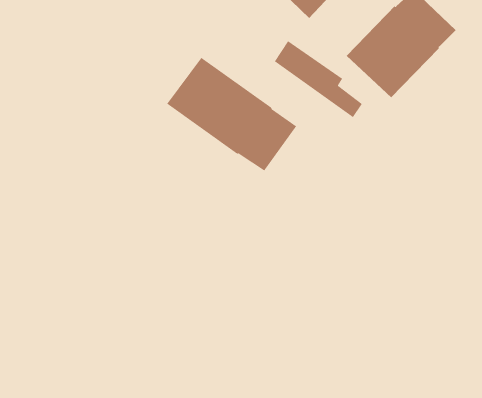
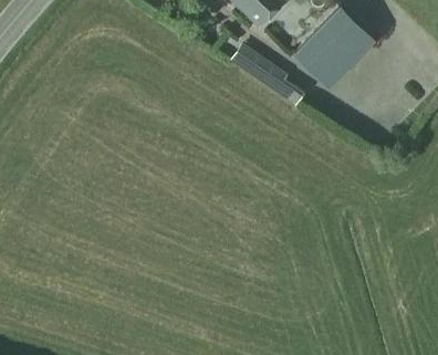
building: [166,57,297,172] -> none

